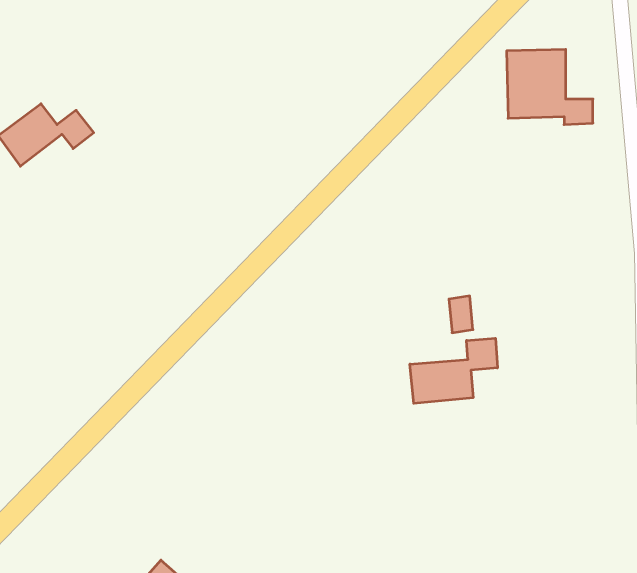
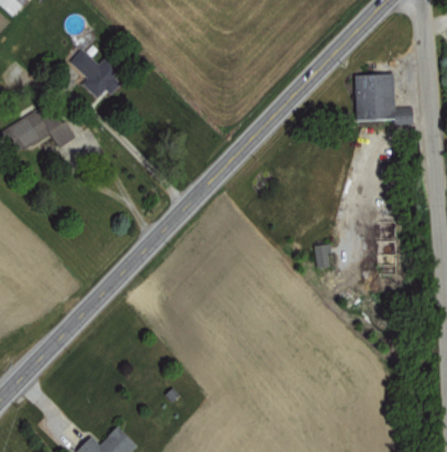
building: none -> [70,50,123,97]
building: [410,338,497,403] -> none

